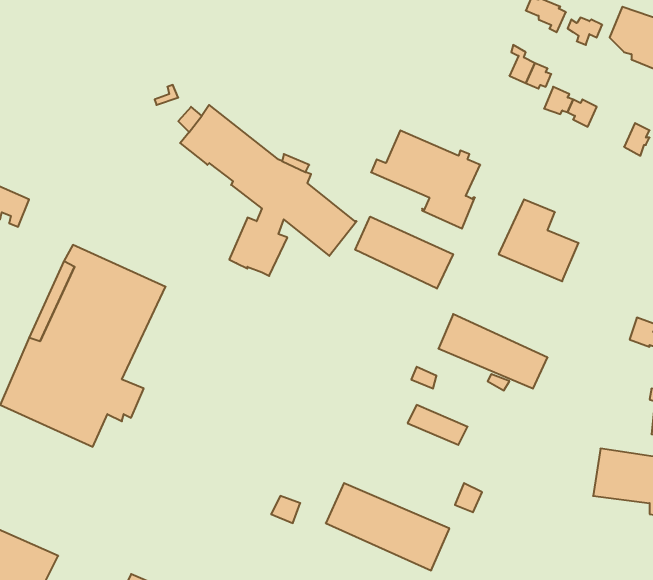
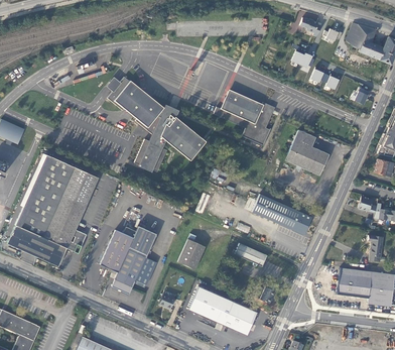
building: [355,217,453,289] -> none
building: none -> [100,225,157,294]
building: none -> [177,233,205,269]

